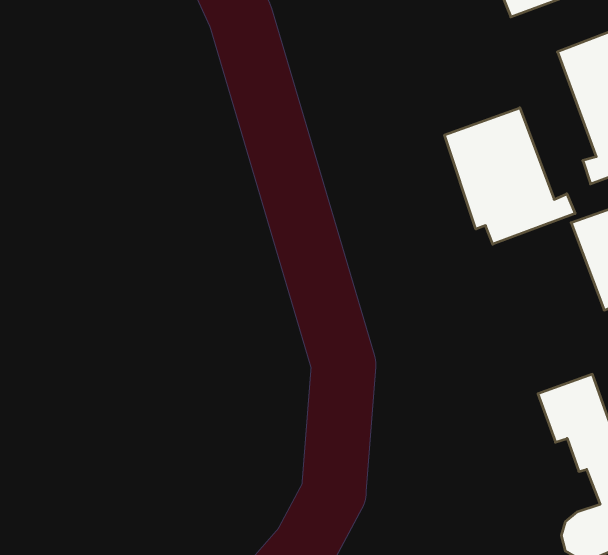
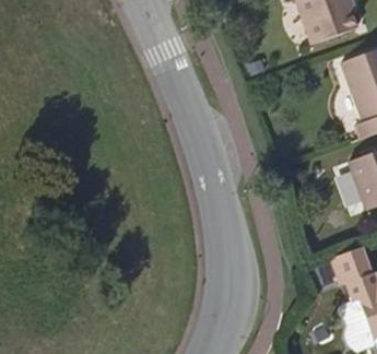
building: [445,108,575,244] -> none

